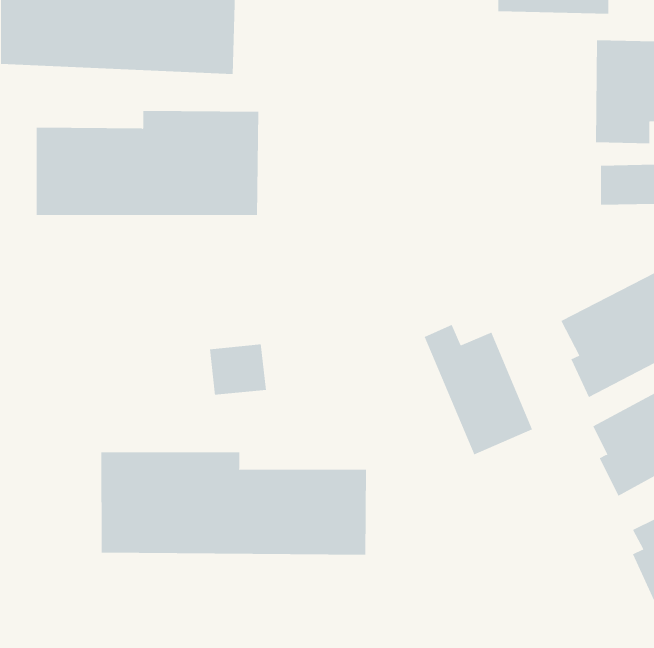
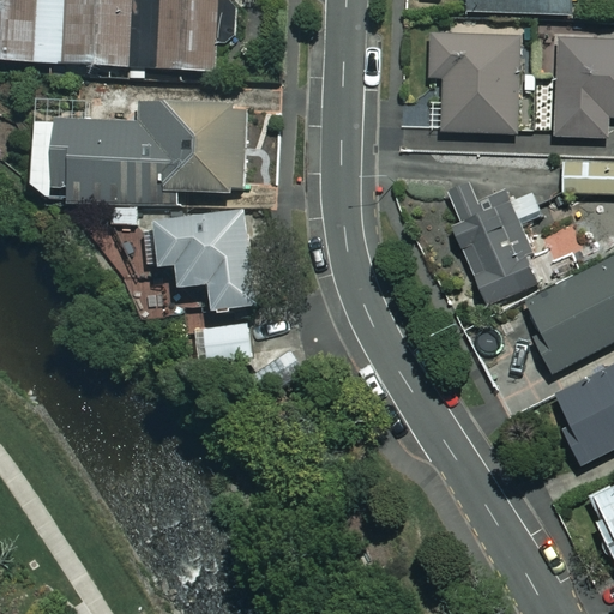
building: none -> [432,34,518,130]
building: none -> [114,207,253,312]
building: [424,324,533,455] -> [441,182,543,305]
building: [101,451,367,556] -> none

